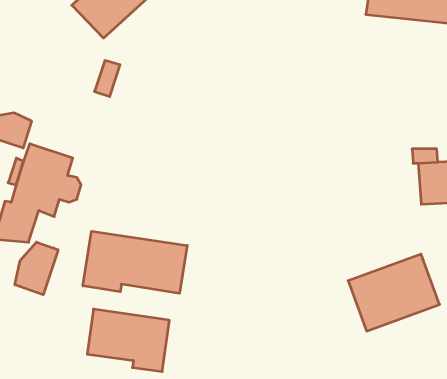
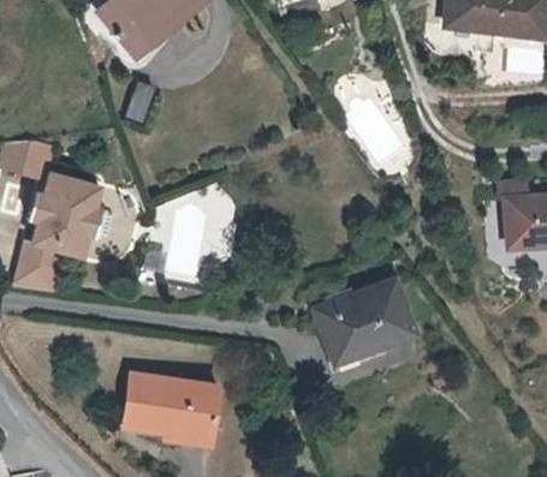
building: [83,231,187,293] -> none
building: [15,242,58,295] -> none
building: [348,254,440,331] -> [308,276,415,366]

